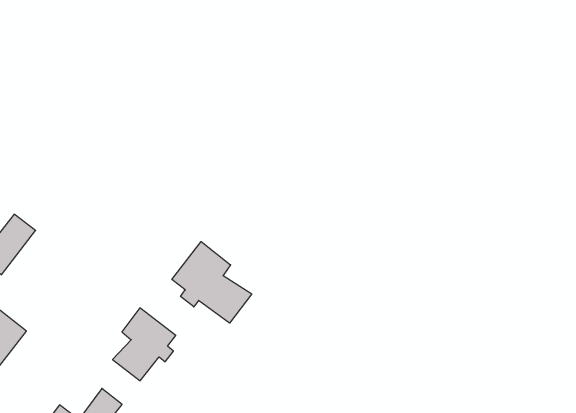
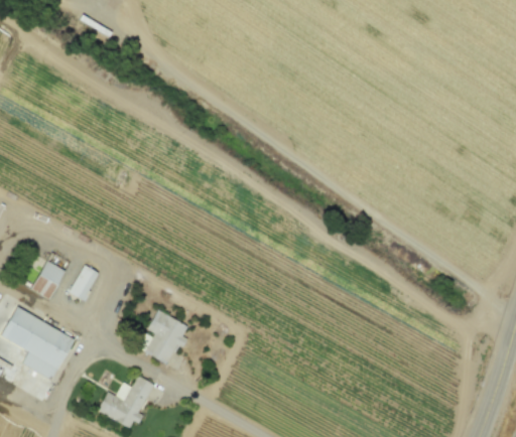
building: none -> [68,266,98,301]
building: [172,242,252,323] -> none

